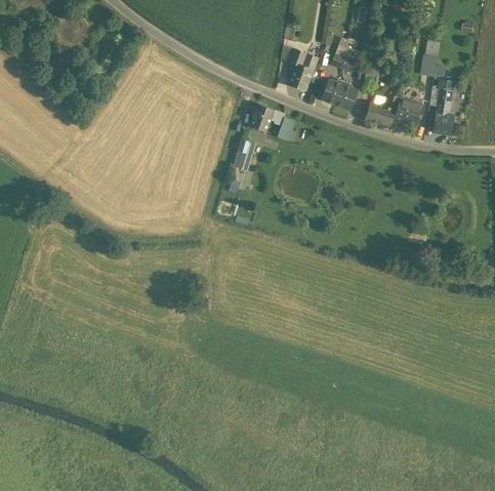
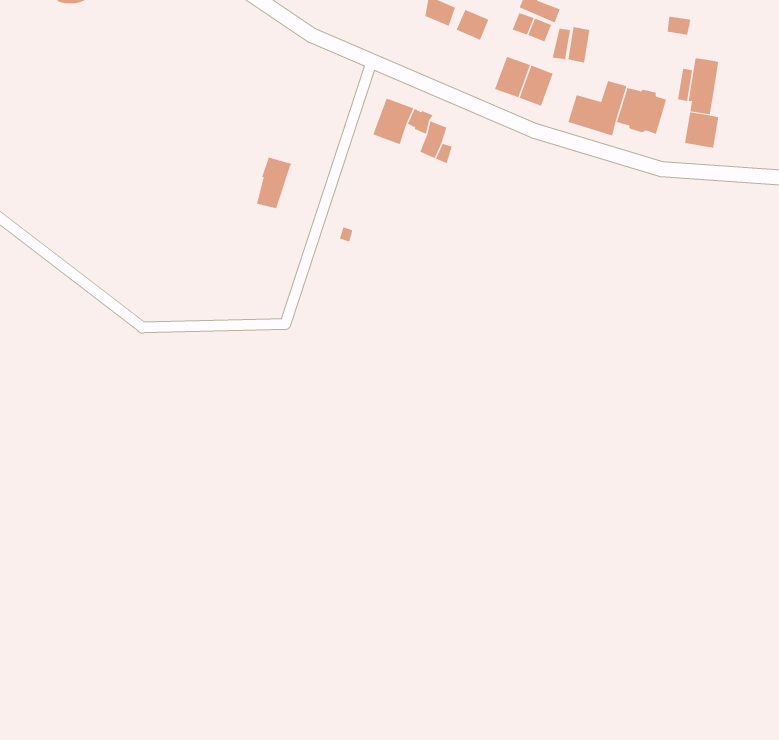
building: [285,62,313,89] -> none
building: [234,138,255,169] -> [256,157,293,209]

